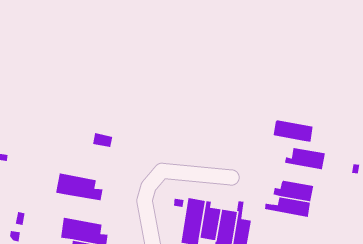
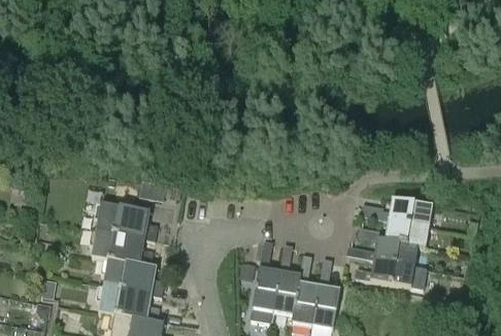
building: [273,120,314,143] -> [376,217,428,246]
building: none -> [97,201,158,240]
building: none -> [102,258,164,296]

